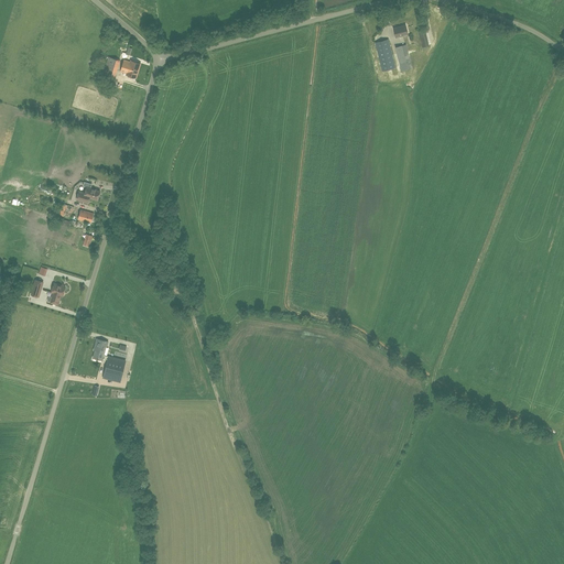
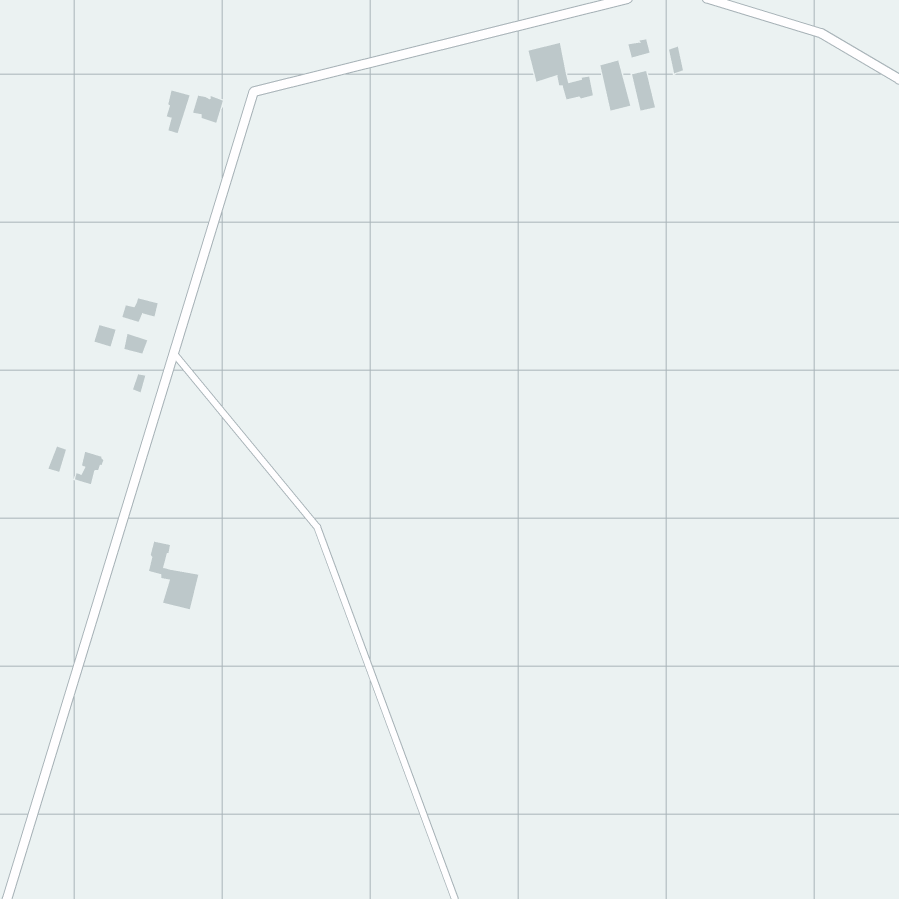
building: none -> [528,42,594,100]

